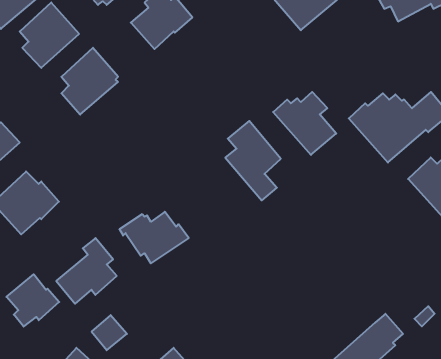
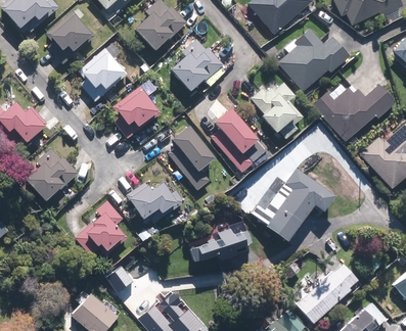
building: none -> [279,31,349,91]
building: none -> [172,40,223,90]
building: none -> [112,87,161,139]
building: none -> [168,125,216,191]
building: none -> [254,167,334,240]
building: none -> [197,225,251,266]
building: [6,274,59,327] -> none

